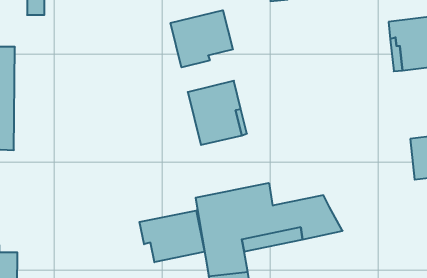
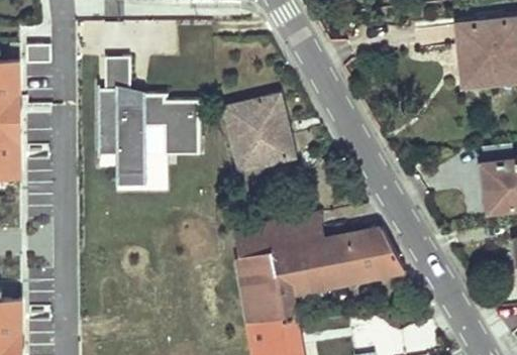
building: [171,10,233,67] -> none
building: none -> [98,55,200,184]
building: [139,210,205,262] -> none

